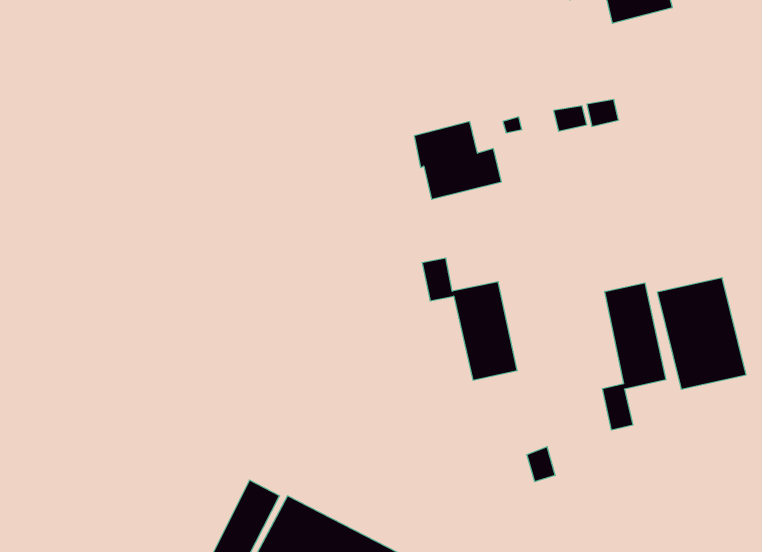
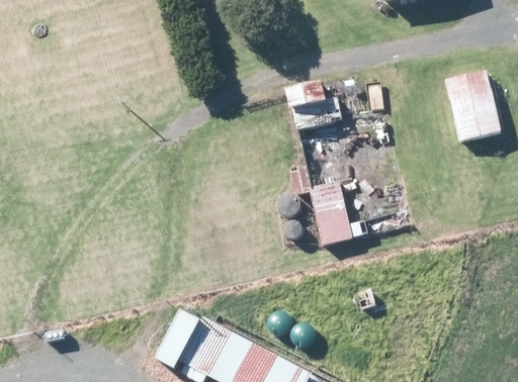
building: [657,278,746,389] -> [444,71,501,141]
building: [602,283,666,430] -> none

